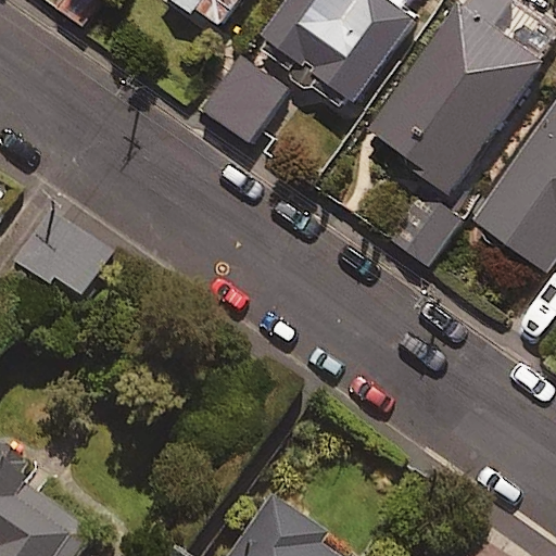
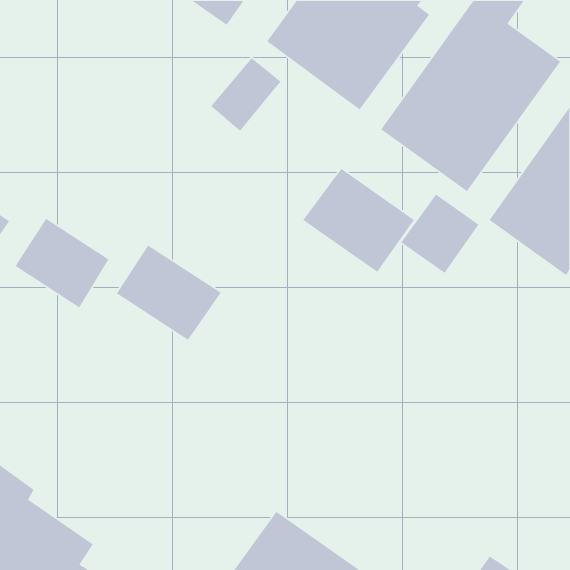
building: none -> [302,168,415,273]
building: none -> [116,244,222,341]

